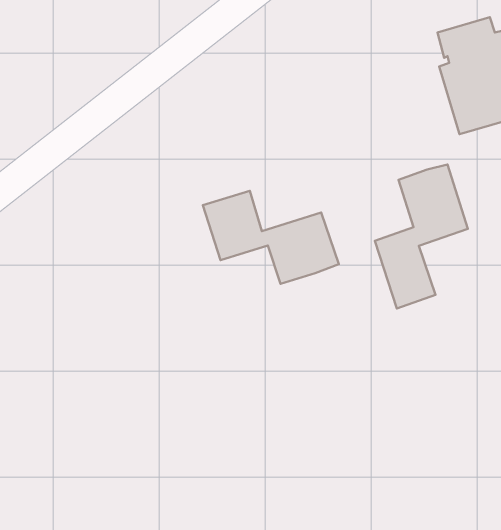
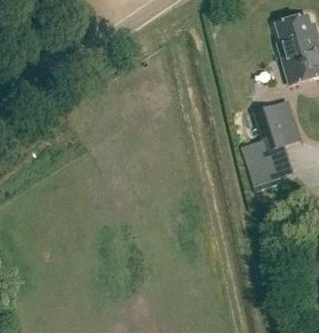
building: [203,191,339,284] -> none

